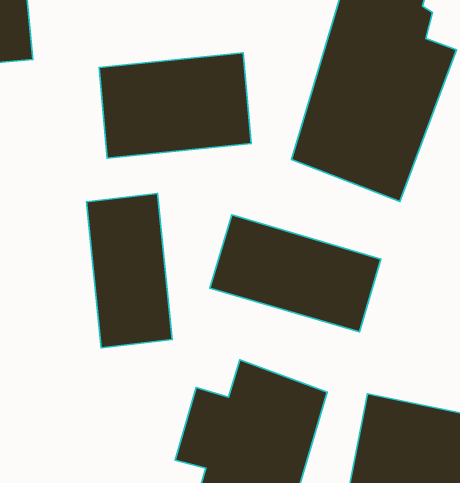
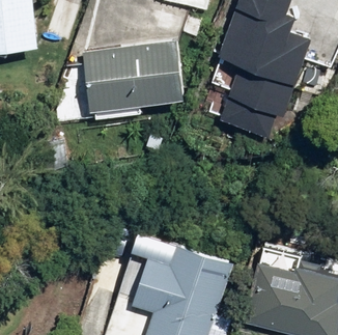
building: [87,193,172,348] -> none
building: [210,215,381,332] -> none

